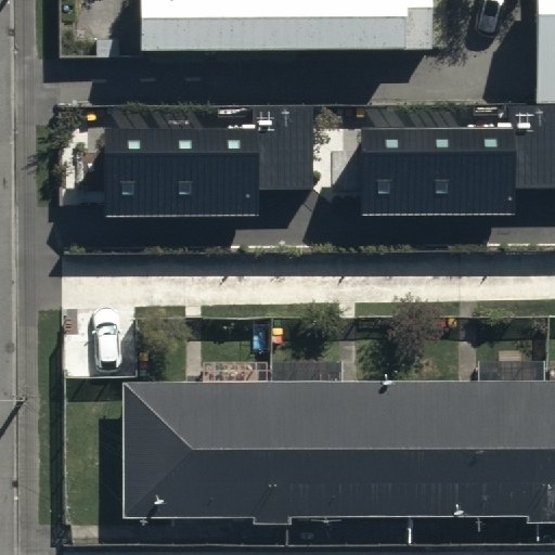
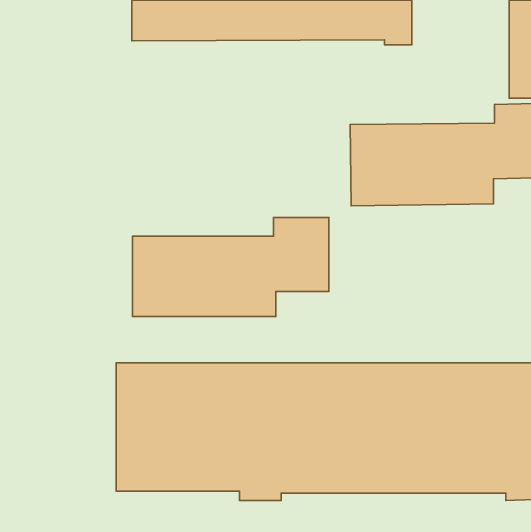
building: [109,112,313,215] -> [132,217,329,317]

